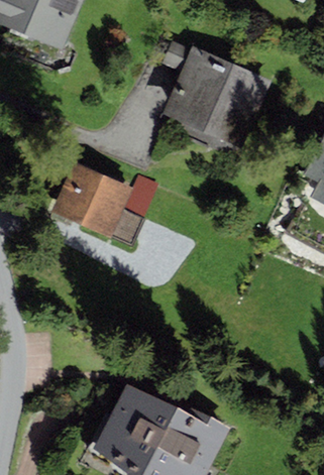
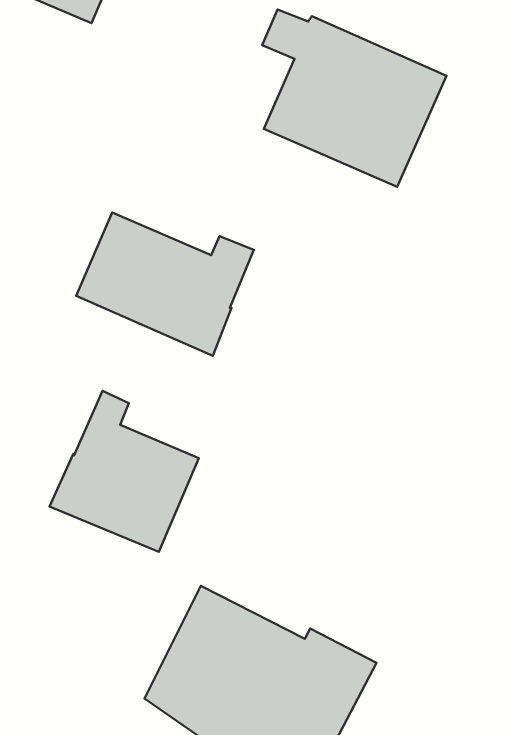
building: none -> [50,391,199,552]

